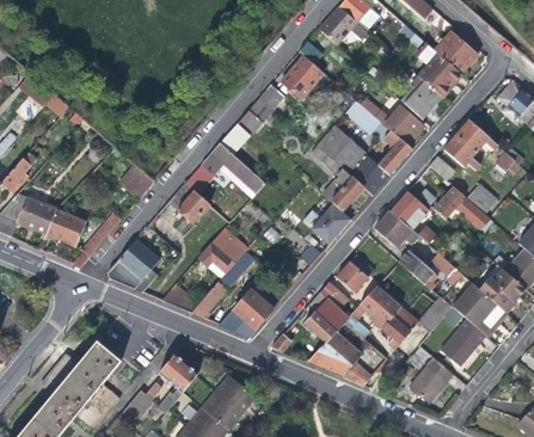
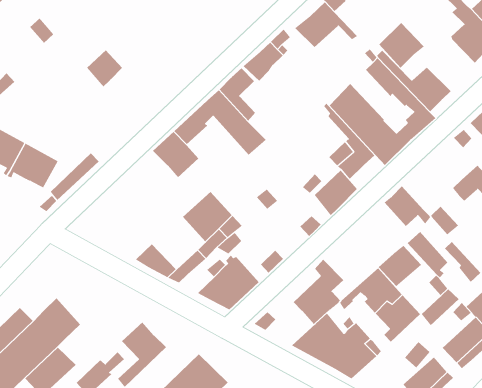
building: [401,78,442,118] -> [379,22,425,69]
building: [121,166,153,199] -> [86,50,123,88]
building: [389,190,429,229] -> none
building: [108,240,159,291] -> none
building: [337,254,375,291] -> [378,245,422,287]

